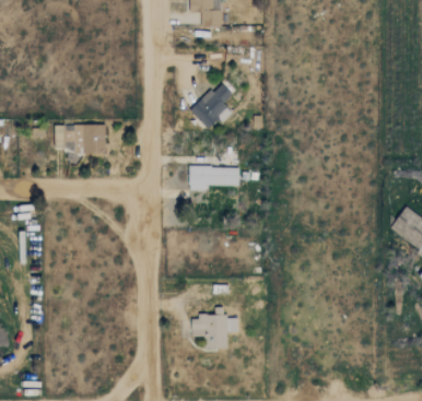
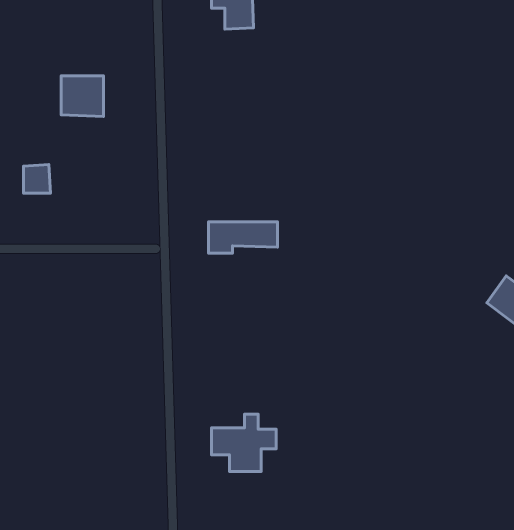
building: [190,82,233,129] -> none
building: [74,125,105,154] -> [61,76,103,116]

